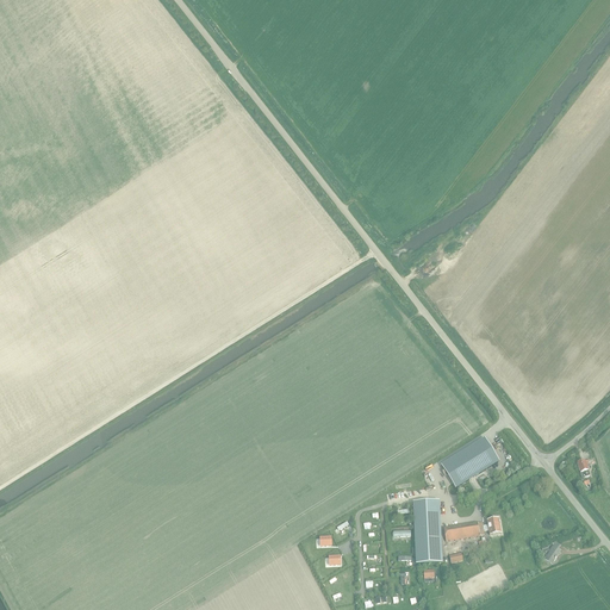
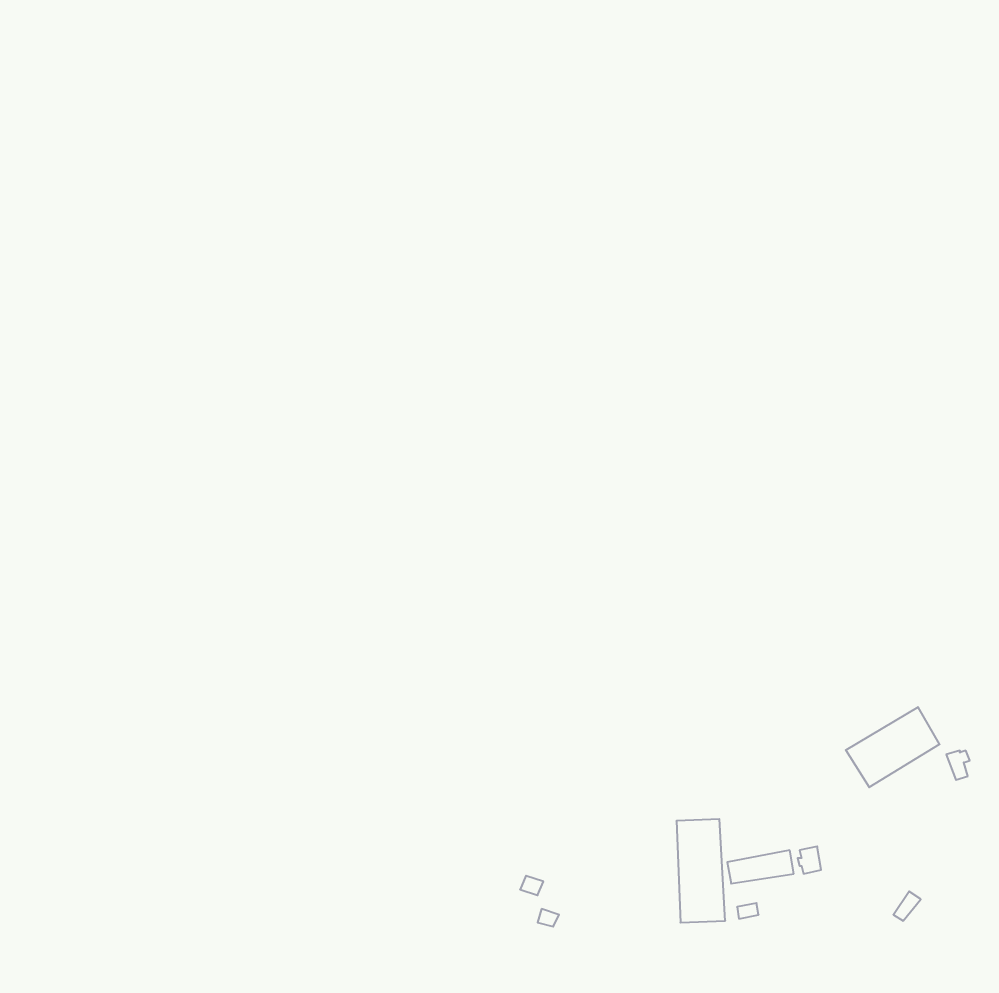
building: [441,436,498,485] -> [846,707,940,787]

